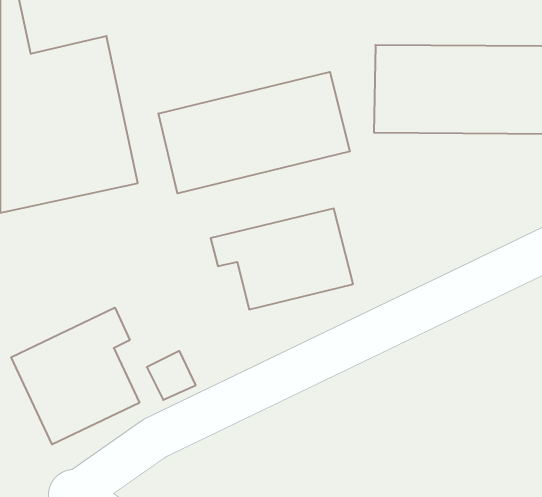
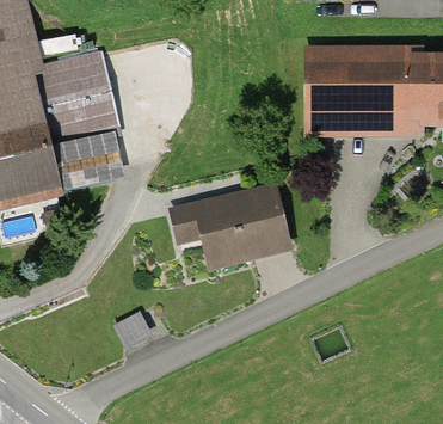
building: [158,72,350,193] -> none
building: [11,308,139,444] -> none

